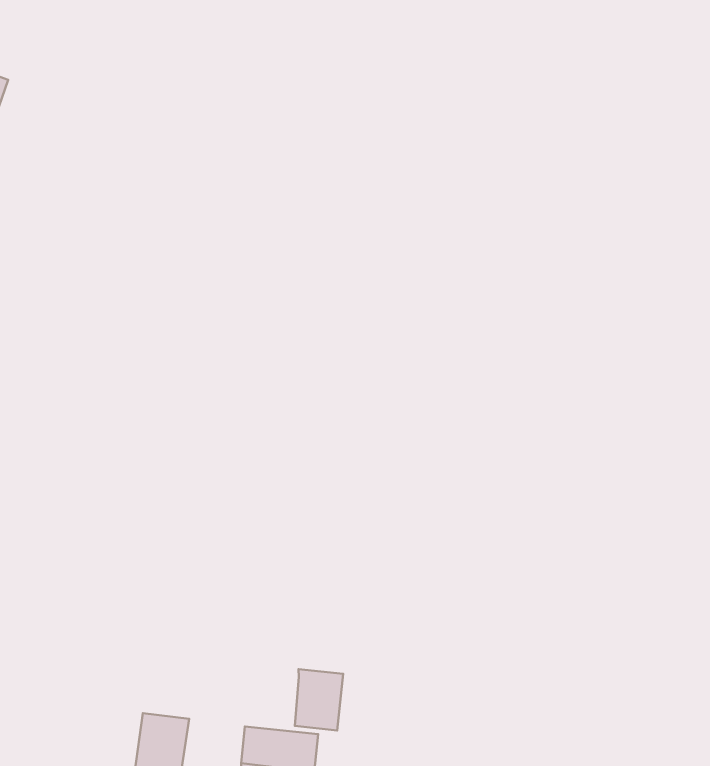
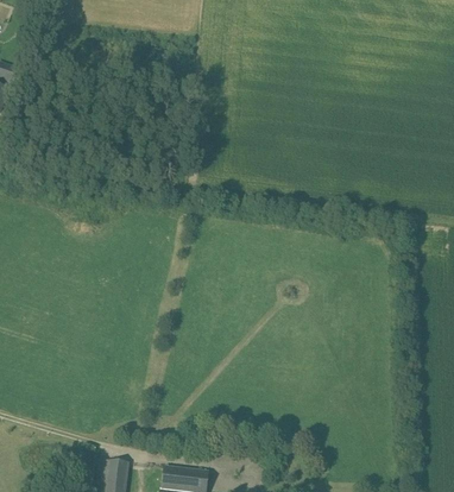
building: [295,669,343,730] -> none

